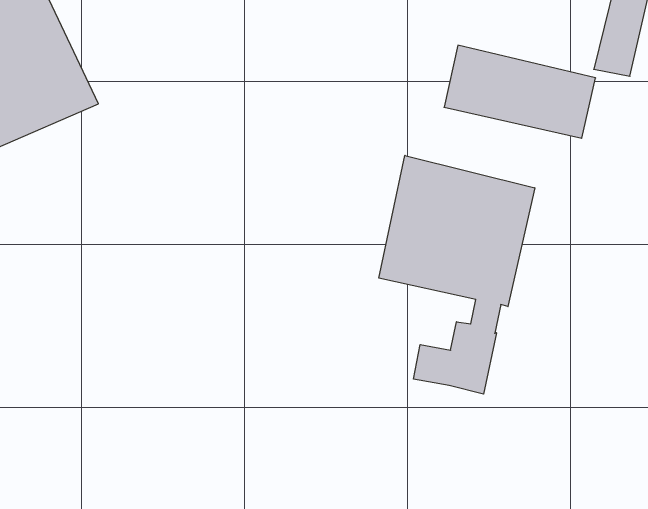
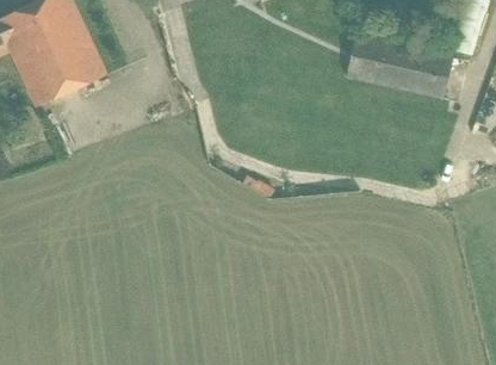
building: [379,155,535,394] -> none

